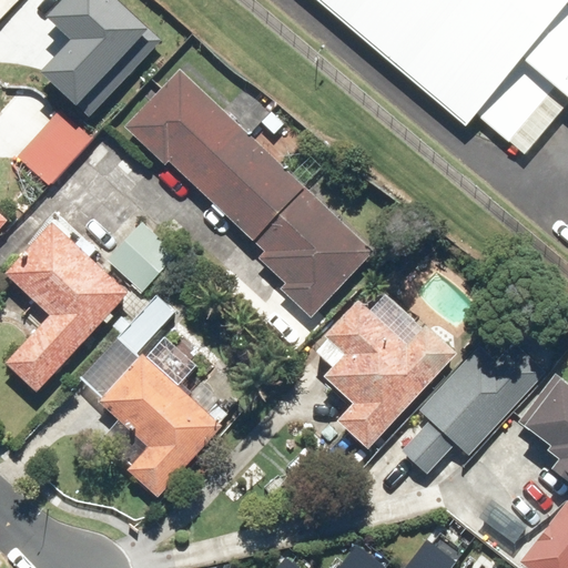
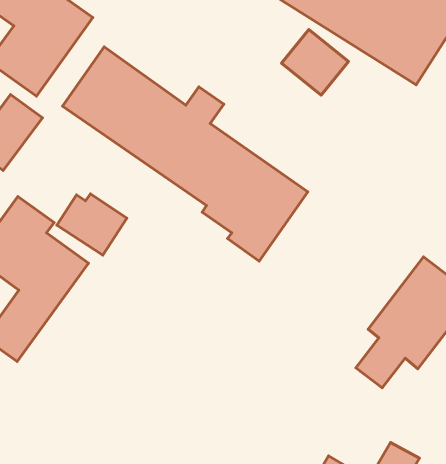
building: none -> [281,30,348,95]
building: [80,293,227,499] -> none
building: [323,300,456,448] -> none

